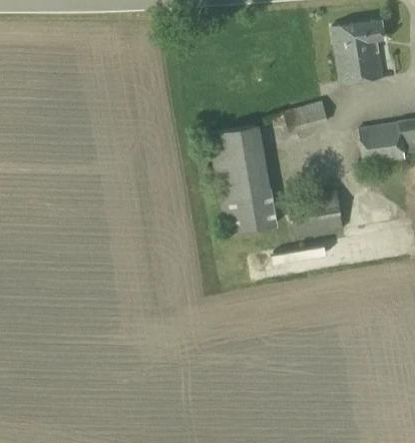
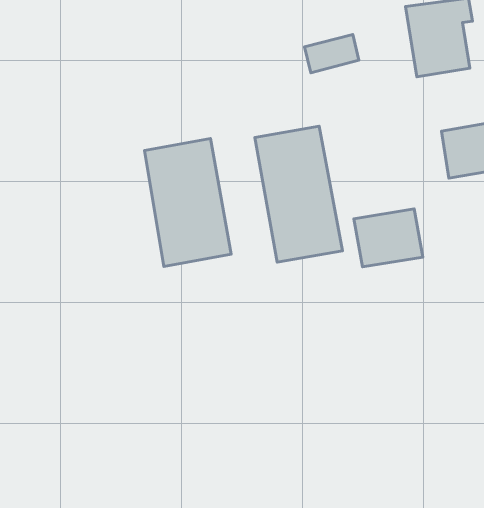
building: [285,100,329,131] -> [305,34,359,73]
building: none -> [144,138,231,267]

